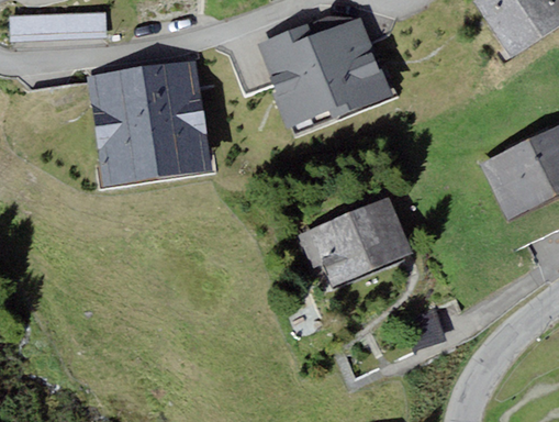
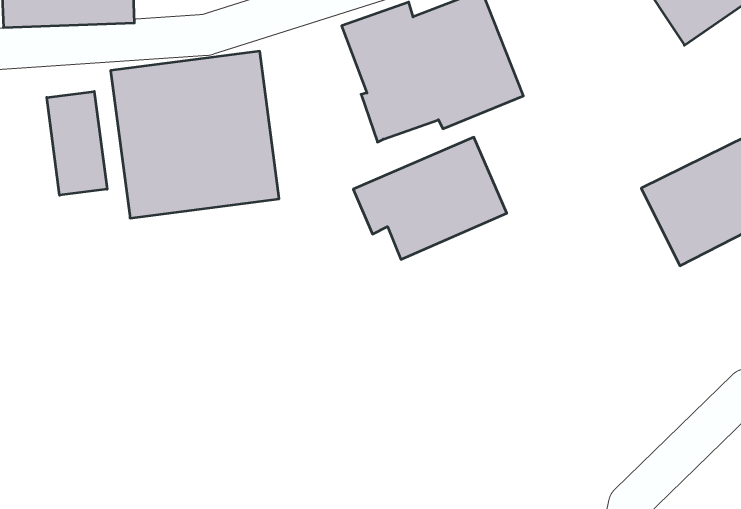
building: none -> [47,91,107,195]
building: [299,197,412,287] -> [353,137,507,259]

